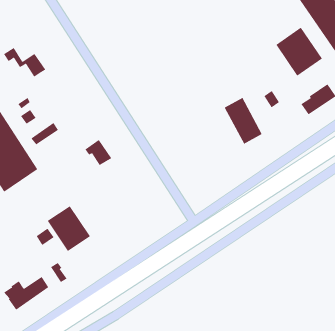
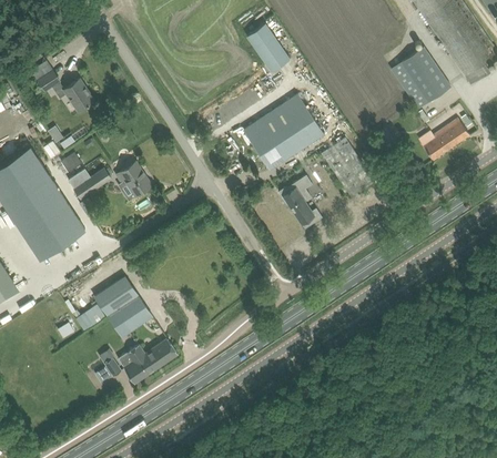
building: none -> [246,23,290,72]
building: none -> [244,94,325,171]
building: none -> [278,175,323,228]
building: [85,139,112,166] -> [116,162,152,196]
building: [4,276,49,310] -> [119,339,178,384]

